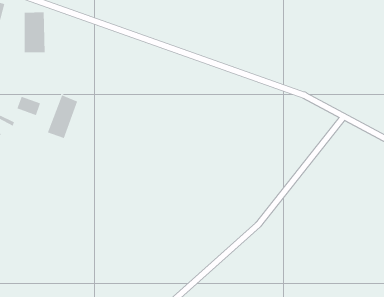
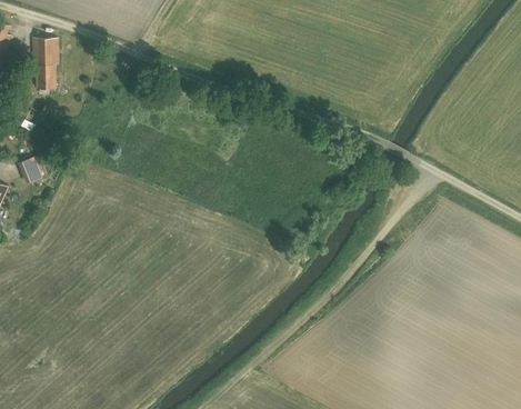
building: [47,94,78,139] -> none

